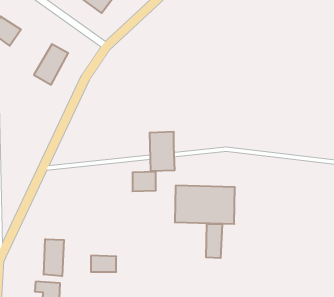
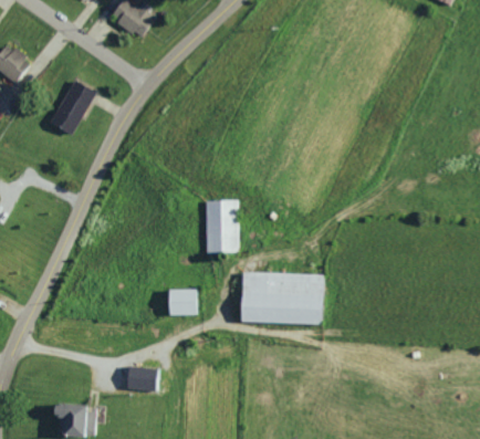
building: [132,172,156,191] -> [167,289,199,315]
building: [206,224,222,258] -> none
building: [44,239,64,276] -> none

